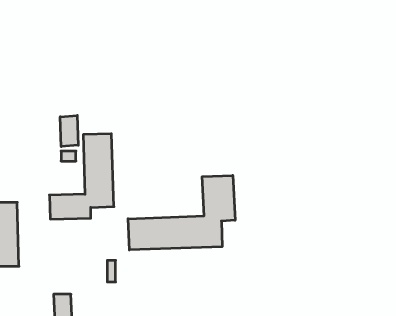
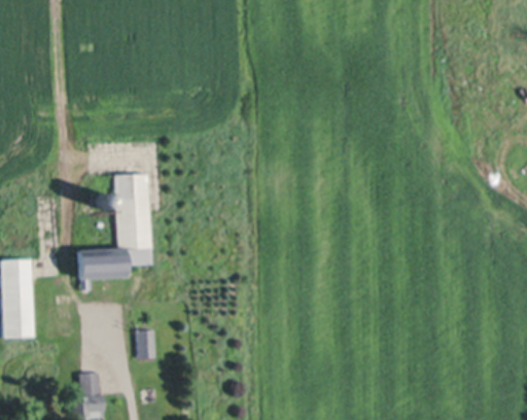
building: [60,115,78,147] -> none
building: [128,175,235,250] -> none

